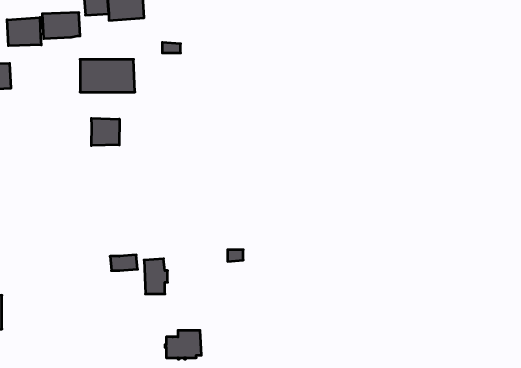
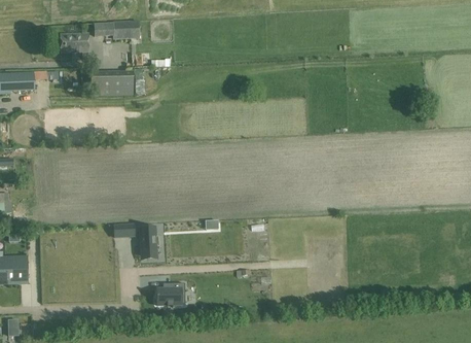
building: [7,17,41,46] -> none
building: [91,118,119,146] -> none

